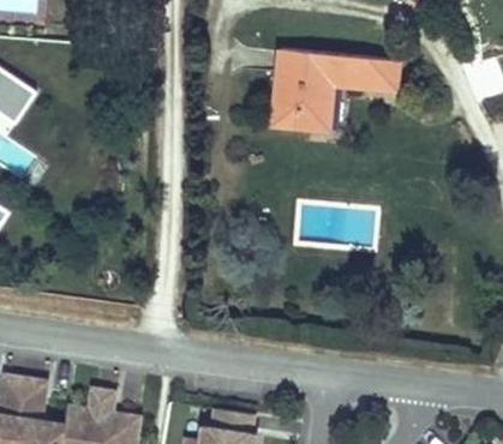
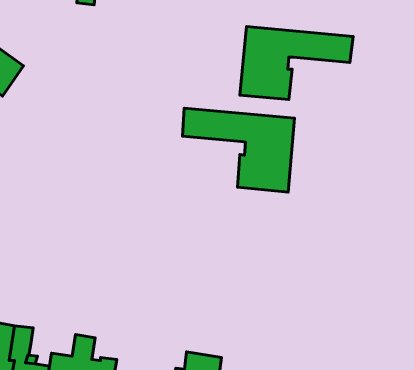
building: none -> [183,108,295,192]

